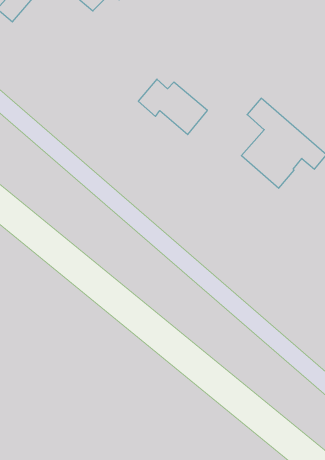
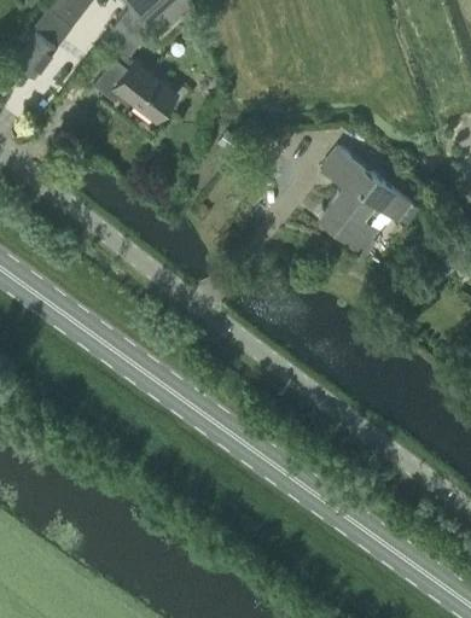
building: [138,79,207,135] -> [94,58,178,122]

